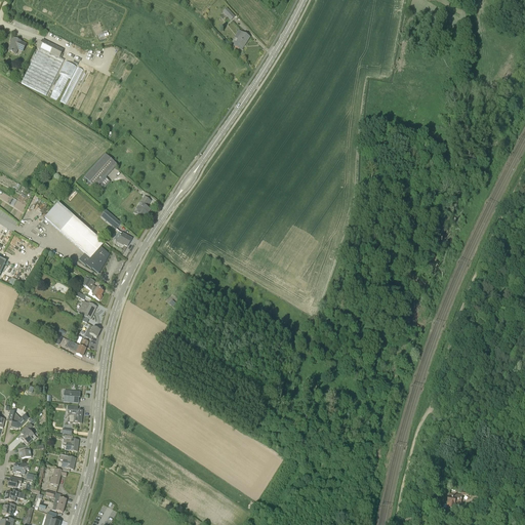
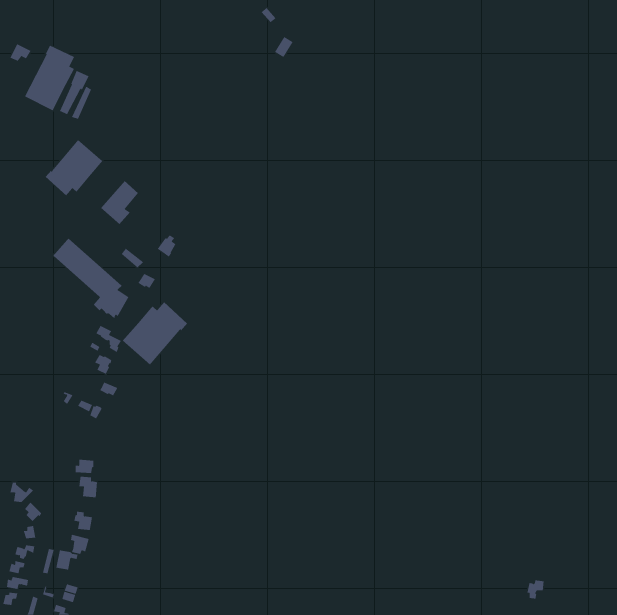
building: none -> [45,139,103,196]
building: none -> [122,302,188,365]

